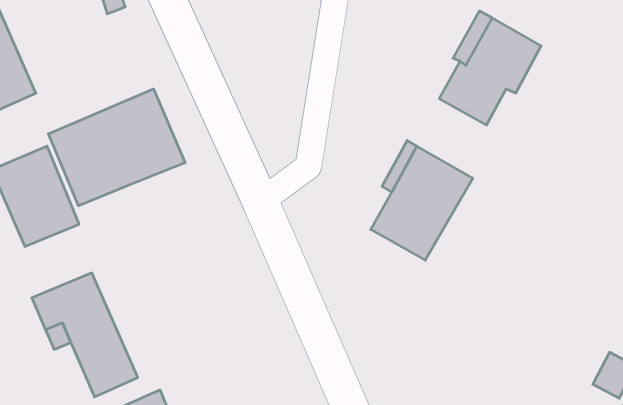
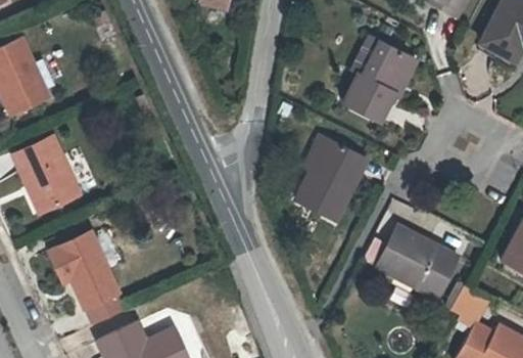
building: [48,89,185,206] -> none
building: none -> [377,225,458,300]

